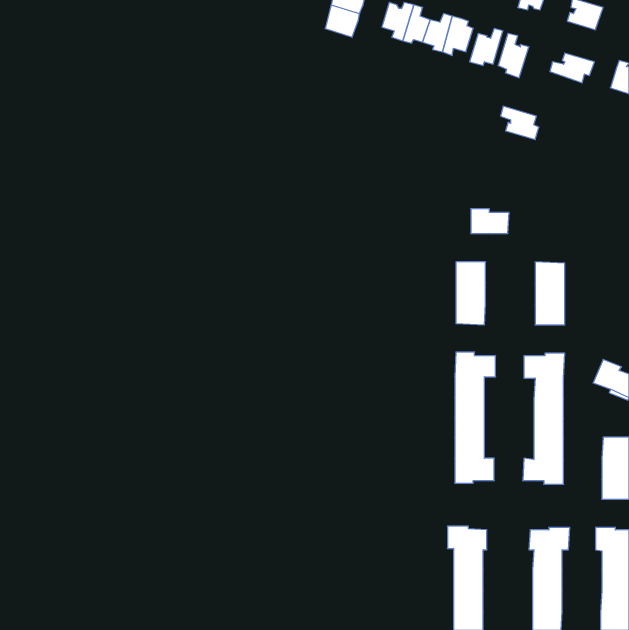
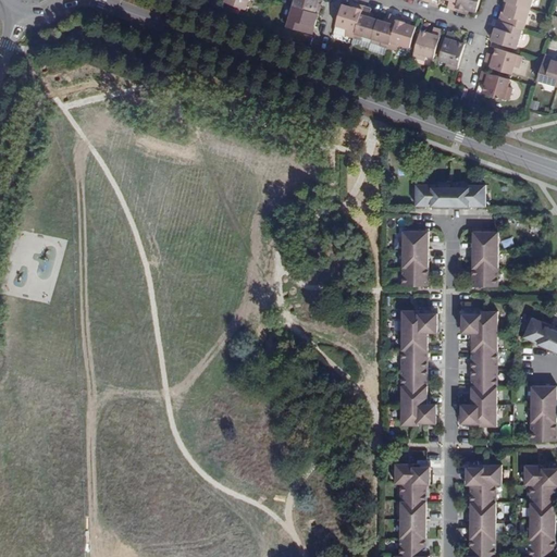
building: none -> [493,18,523,47]
building: [501,106,539,140] -> [480,69,513,98]
building: none -> [450,184,484,207]

